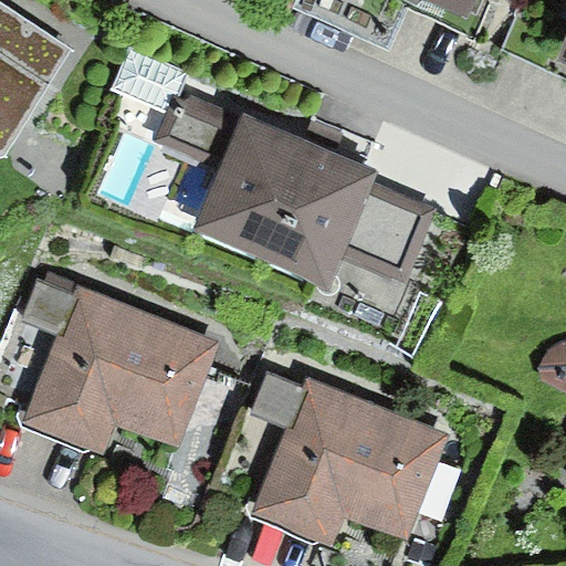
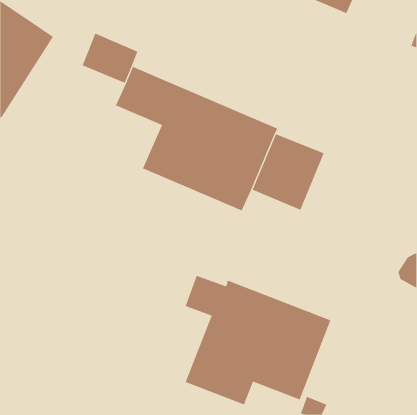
building: [20,280,219,453] -> none

